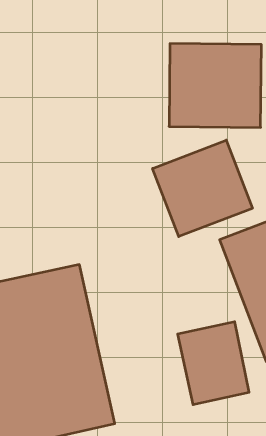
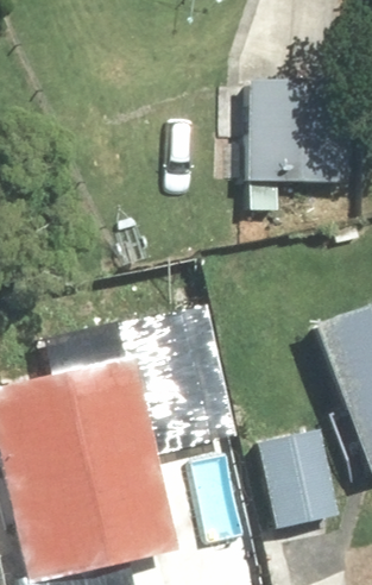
building: [153,140,252,237] -> none

